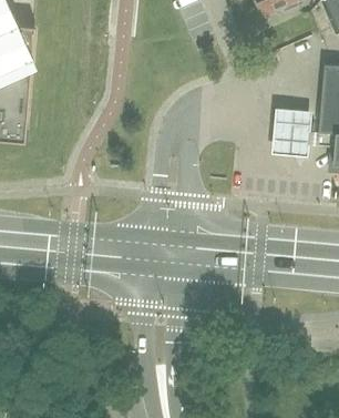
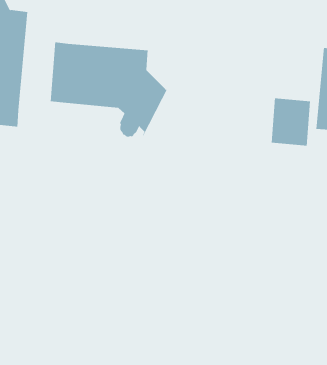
building: none -> [50,42,169,137]

